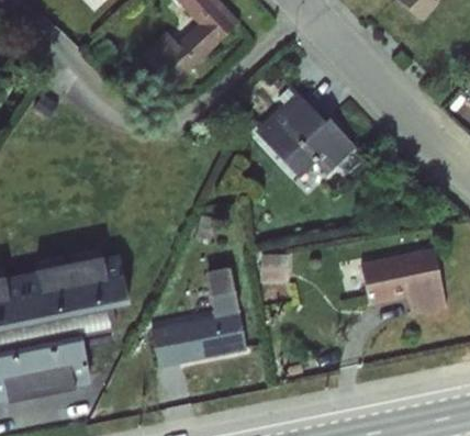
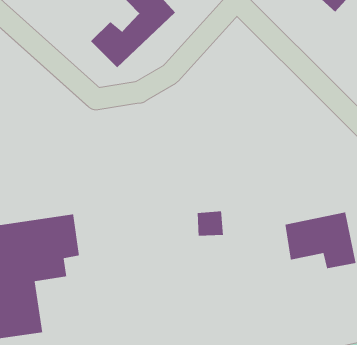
building: [254,86,365,179] -> none
building: [150,262,250,367] -> none

